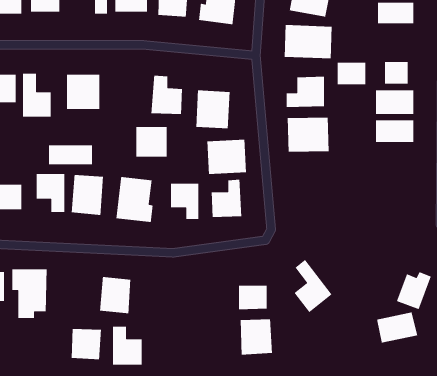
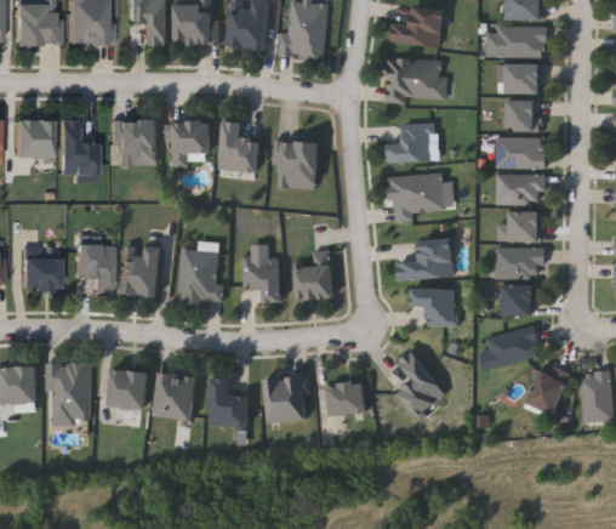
building: [337,62,366,85] -> [508,66,544,95]
building: [135,126,167,157] -> [169,120,209,159]
building: [206,139,247,175] -> none
building: [48,145,93,165] -> none
building: none -> [512,214,543,243]
building: none -> [397,237,454,278]
building: none -> [497,249,547,278]
building: none -> [411,286,454,323]
building: none -> [504,286,535,317]
building: [376,312,418,344] -> [490,328,542,368]
building: [240,319,273,356] -> [264,376,306,422]
building: [112,326,142,366] -> [210,377,247,427]
building: [71,328,102,360] -> [108,369,147,409]

